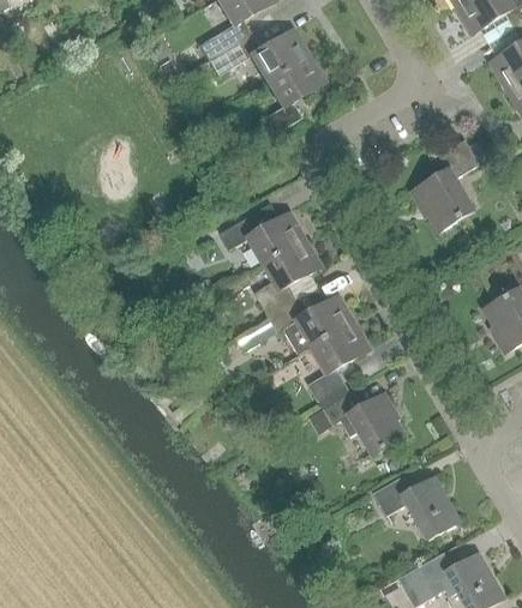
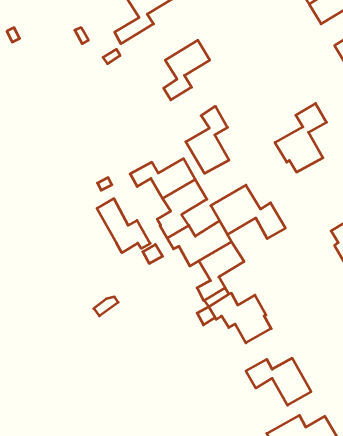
building: [206,28,308,80] -> none
building: none -> [186,106,229,173]
building: none -> [211,185,285,239]
building: none -> [97,199,150,253]

